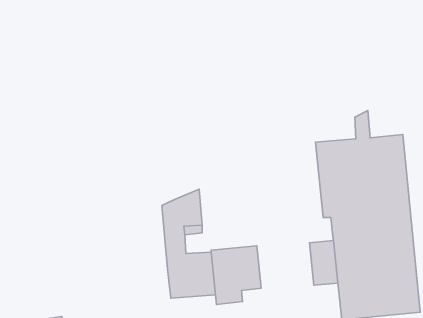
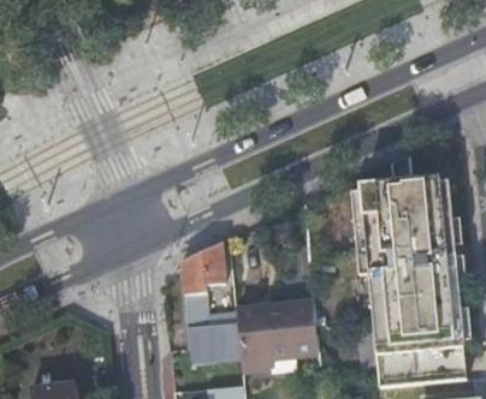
building: [309,241,338,285] -> [286,302,318,351]

